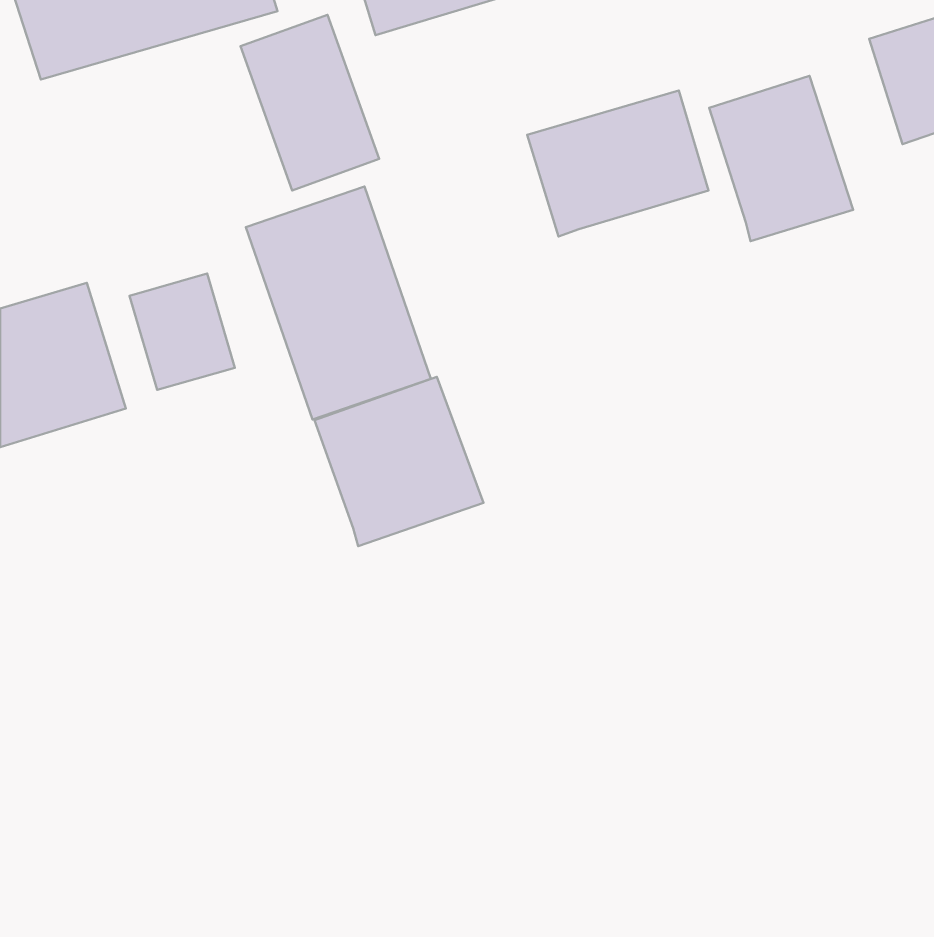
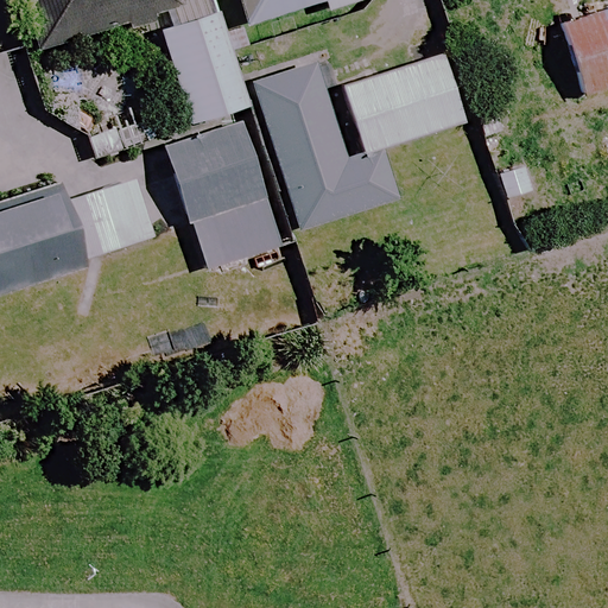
building: none -> [252,49,395,228]
building: [709,76,853,241] -> none
building: [314,377,484,546] -> none

